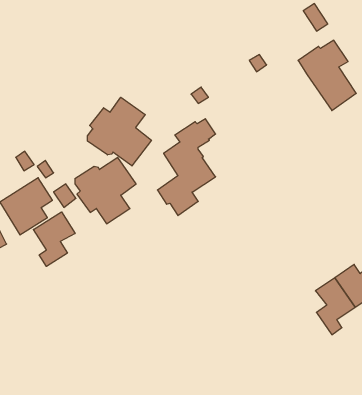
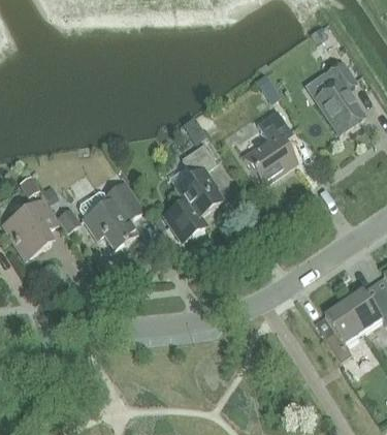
building: none -> [243,108,295,185]
building: [87,97,151,166] -> none
building: [33,212,75,266] -> none

